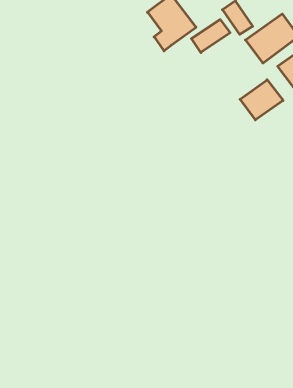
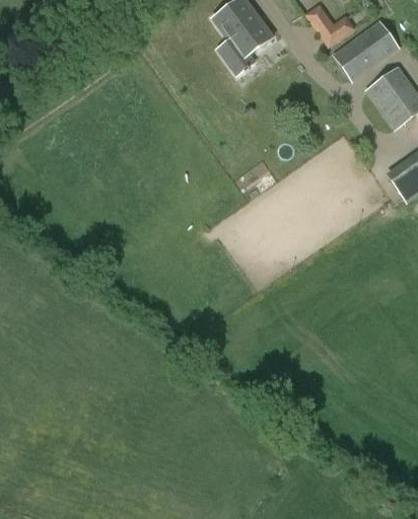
building: [191,20,230,53] -> none
building: [240,80,283,120] -> none

